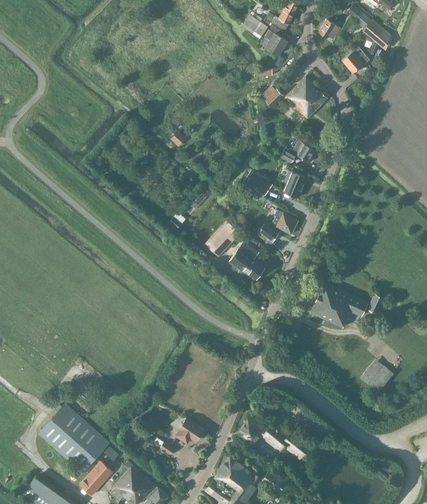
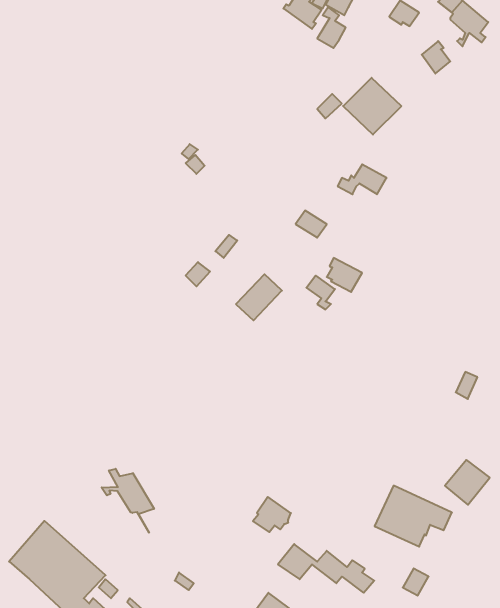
building: [281,172,307,206] -> none
building: [225,242,265,280] -> none
building: [311,283,368,328] -> [375,486,452,547]
building: none -> [102,469,154,533]
building: [176,418,204,444] -> [253,497,291,532]

